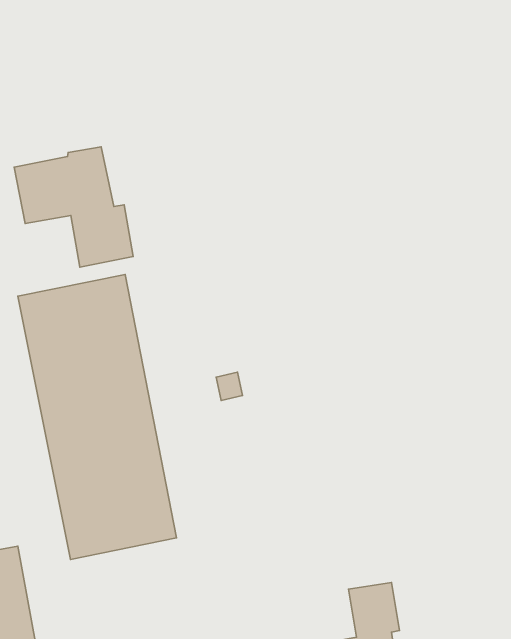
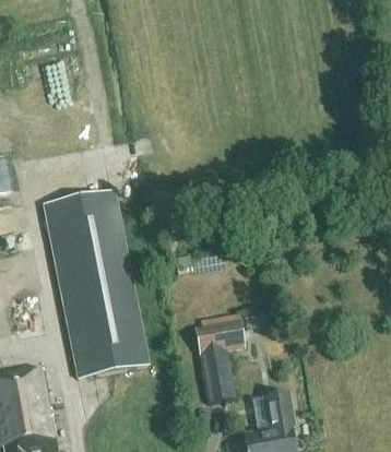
building: [14,147,133,267] -> none
building: none -> [193,317,244,400]

